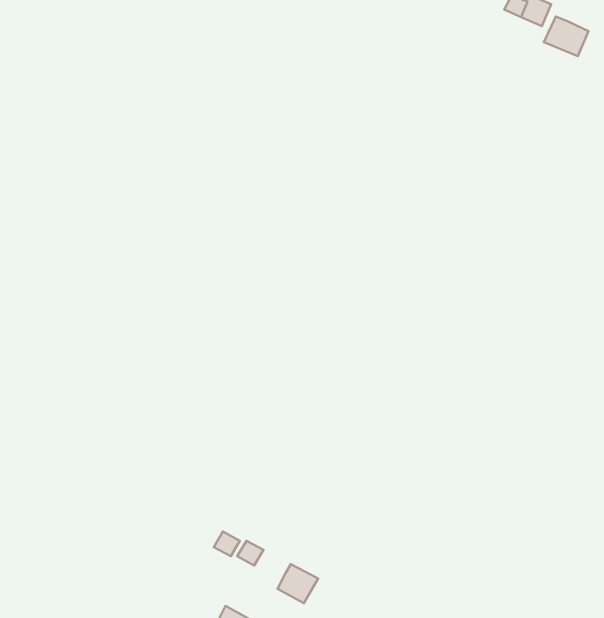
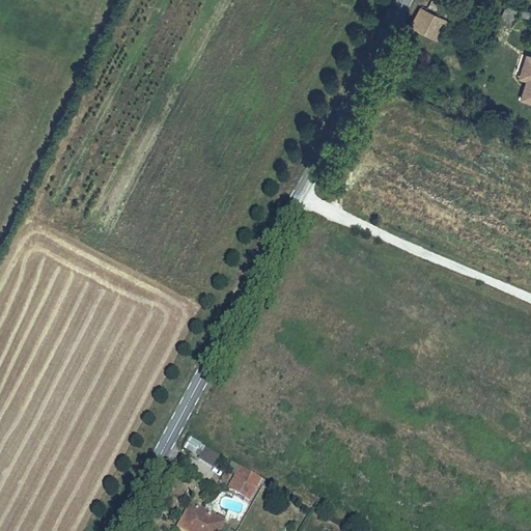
building: [544,16,589,56] -> none

